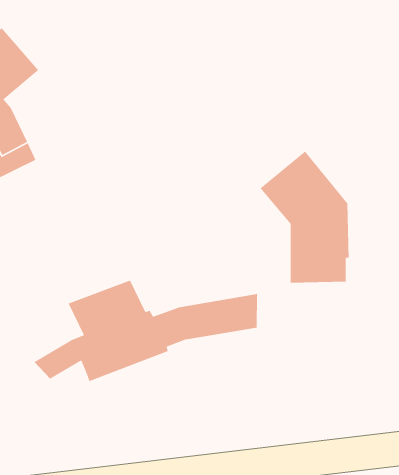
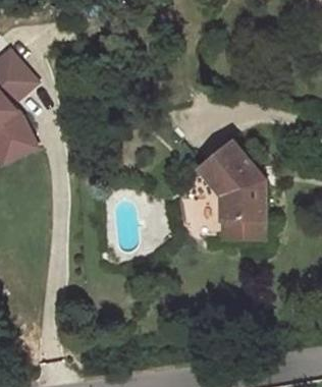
building: [33,280,258,382] -> none

